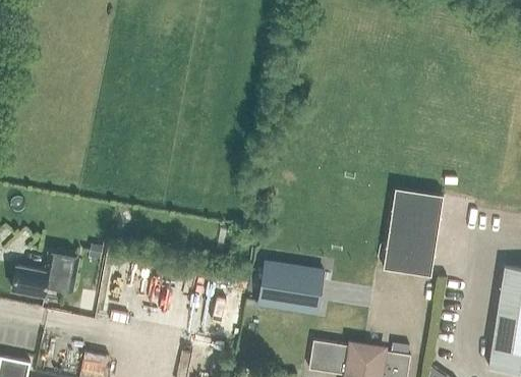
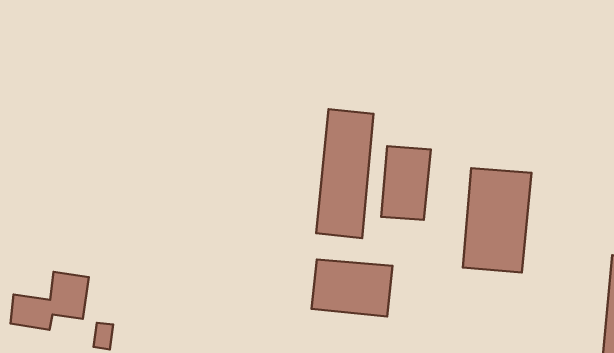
building: none -> [316,109,374,238]
building: none -> [381,146,431,220]

